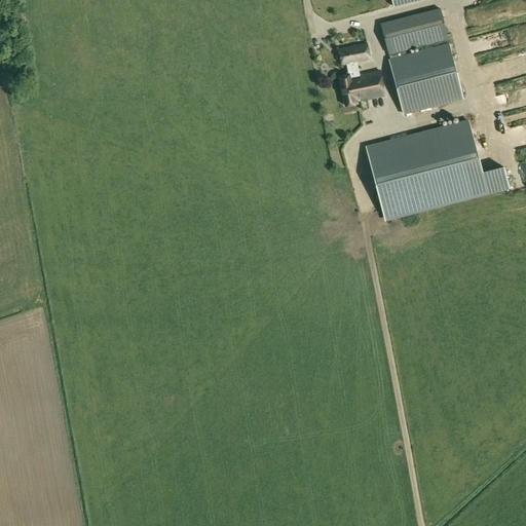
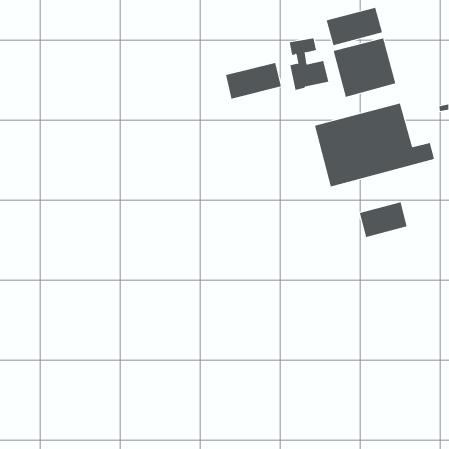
building: none -> [225,62,281,99]
building: none -> [359,202,407,238]

